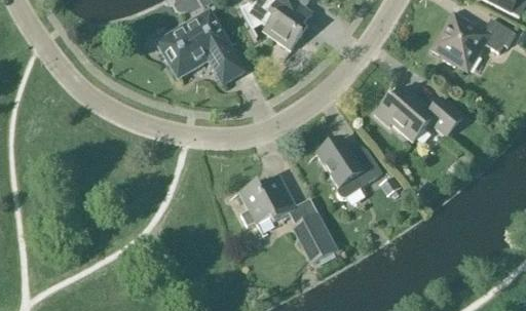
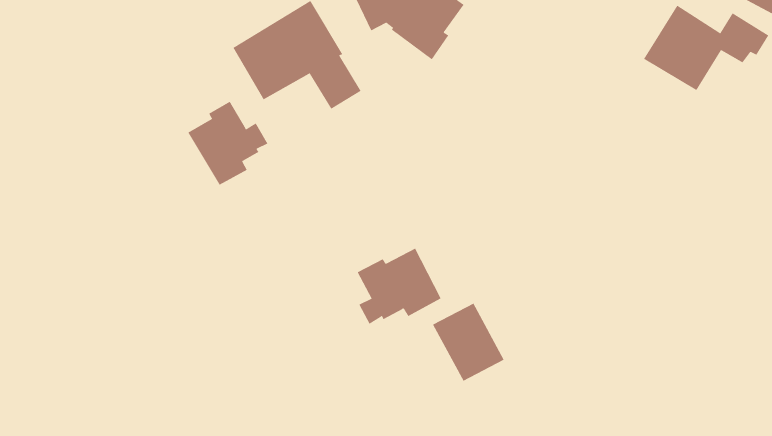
building: none -> [188,101,268,186]
building: [374,84,462,140] -> none
building: [315,137,381,196] -> none

